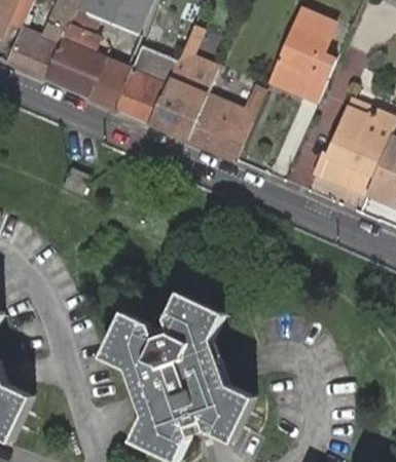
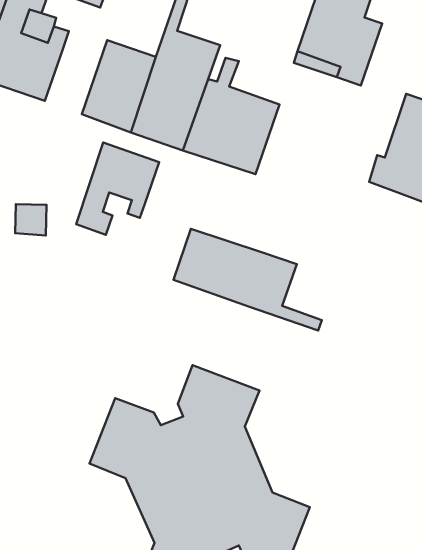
building: [91,62,127,107] -> none
building: none -> [76,143,159,235]
building: none -> [173,229,322,330]

